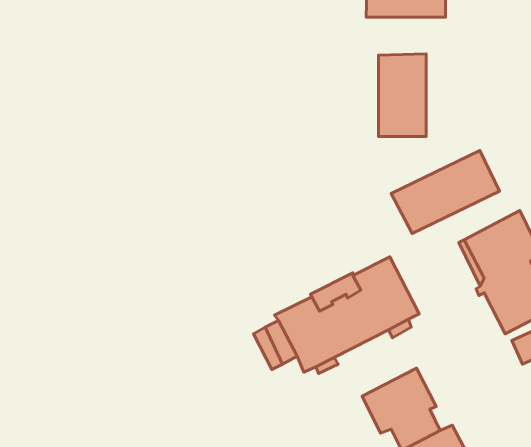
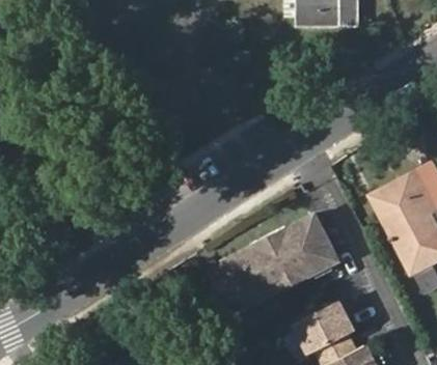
building: [379,54,426,136] -> none
building: [391,150,500,234] -> none

